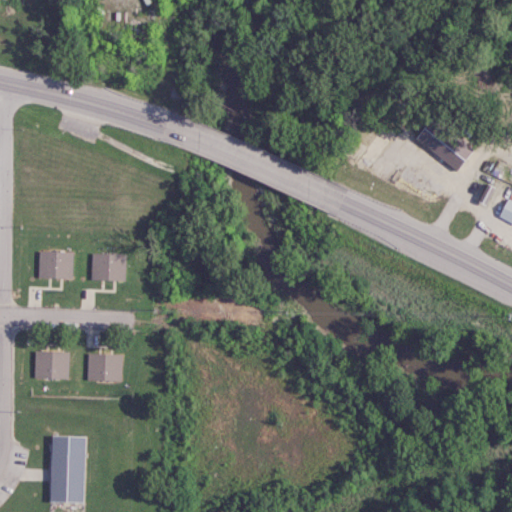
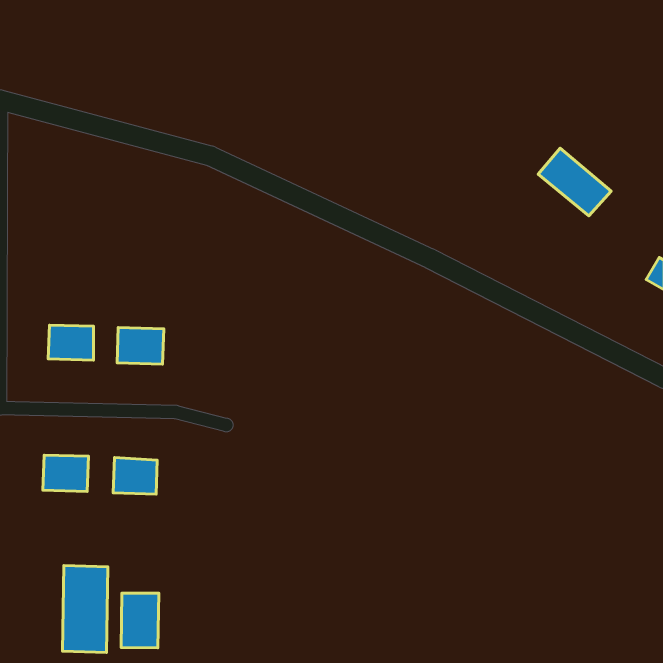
building: none -> [121,593,159,648]

